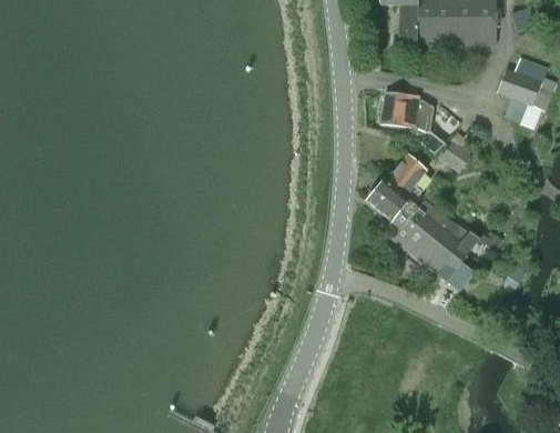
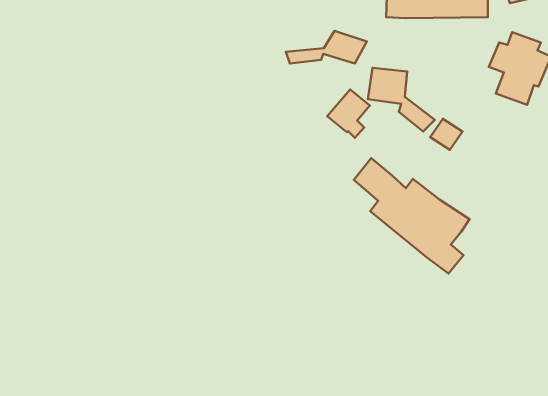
building: none -> [286,31,367,64]
building: [385,154,426,201] -> [327,89,370,138]

